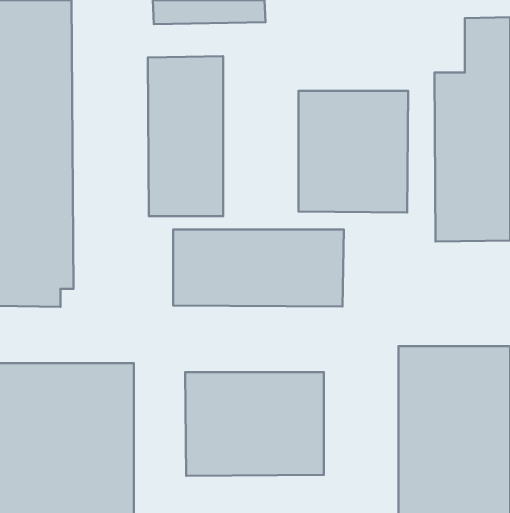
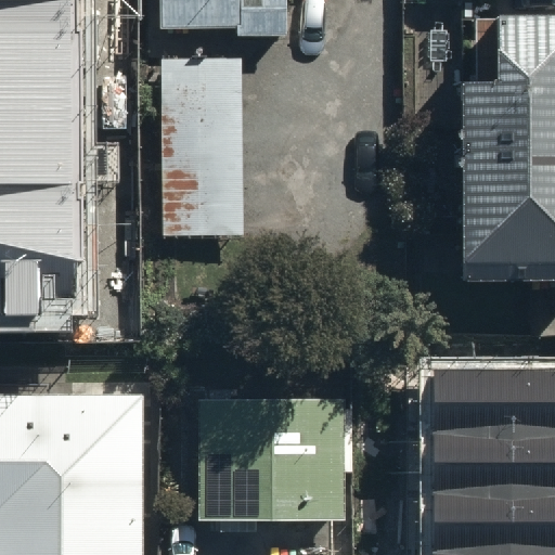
building: [299,91,408,213] -> none
building: [173,230,344,307] -> none

